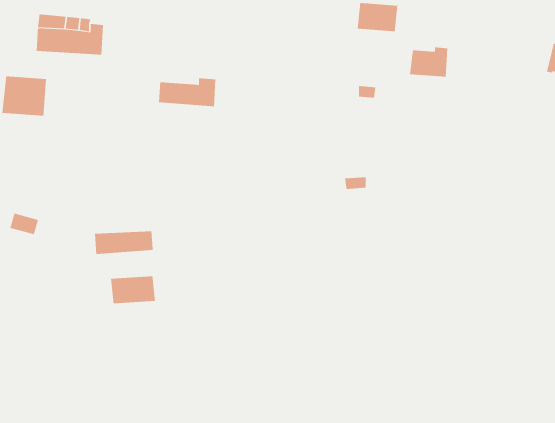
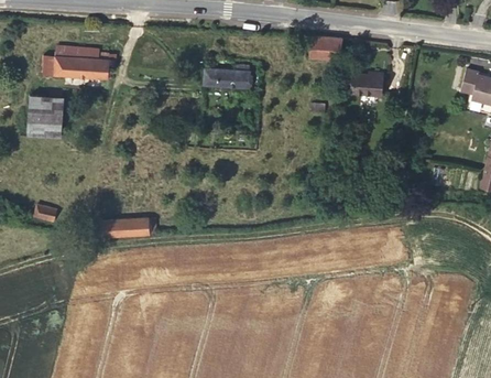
building: [158,78,216,107] -> [204,65,250,88]
building: [110,275,155,304] -> none

